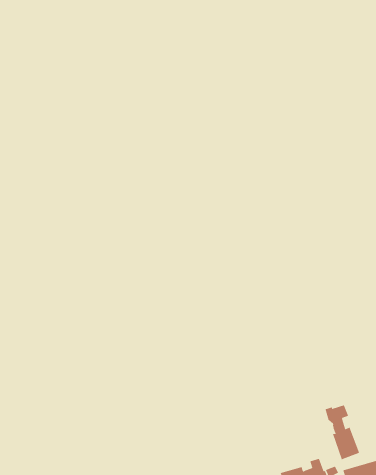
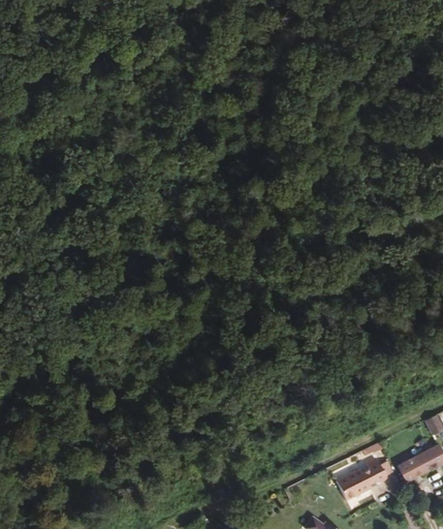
building: [325,405,360,460] -> none

